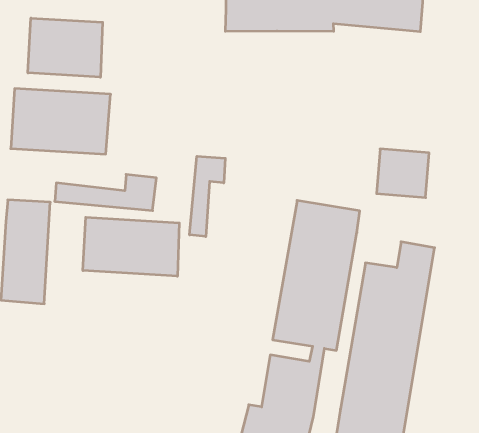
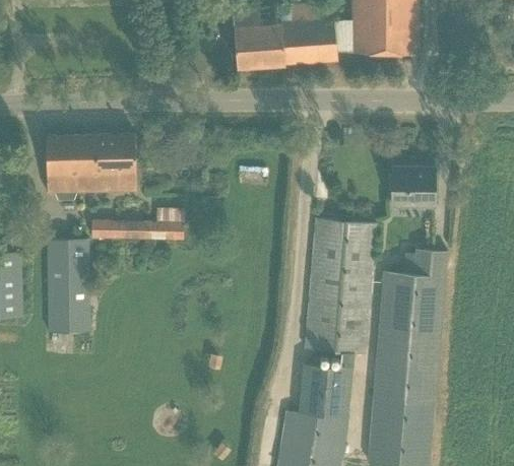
building: [28,18,103,77] -> none
building: [190,156,225,237] -> none
building: [83,217,179,276] -> none

